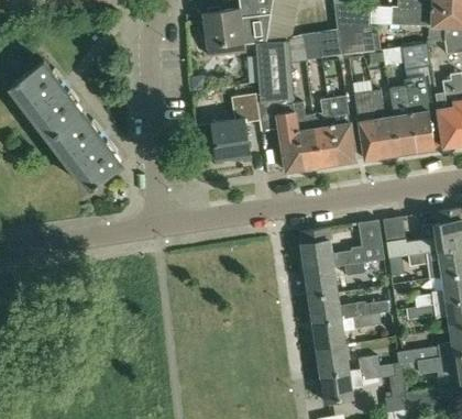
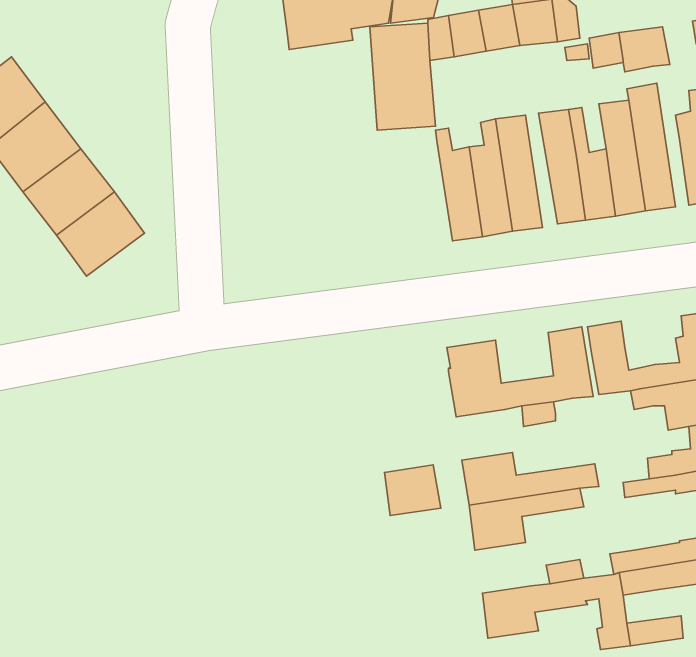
building: [210,93,260,161] -> none
building: [277,112,304,173] -> none
building: [306,268,339,298] -> [384,465,441,516]
building: [317,346,350,376] -> none

